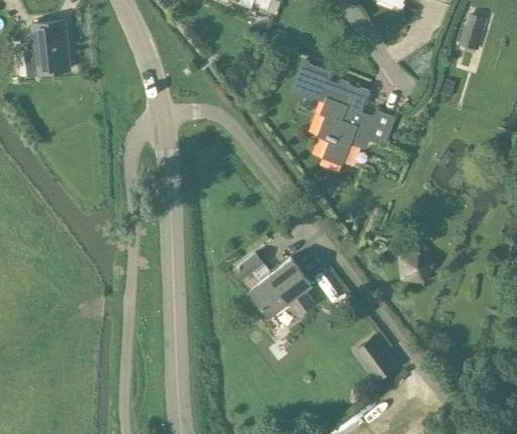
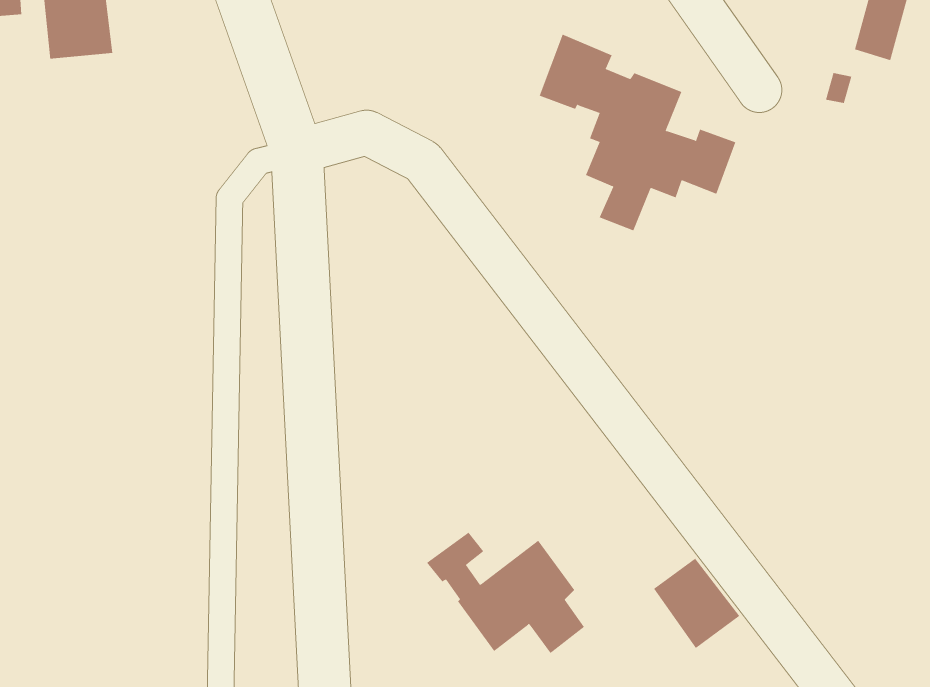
building: [397,244,435,284] -> none
building: [232,253,315,317] -> [426,532,585,654]

